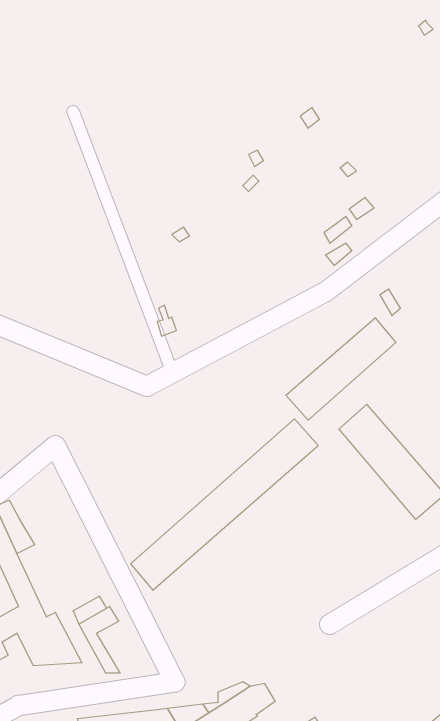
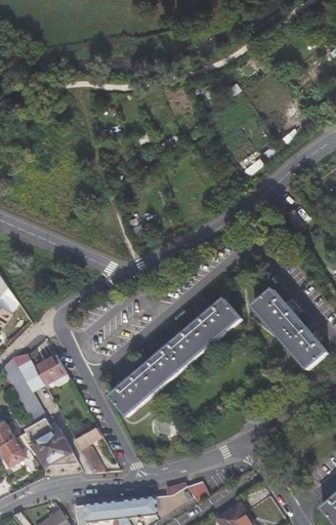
building: [286,318,396,420] -> none
building: none -> [33,354,67,385]

